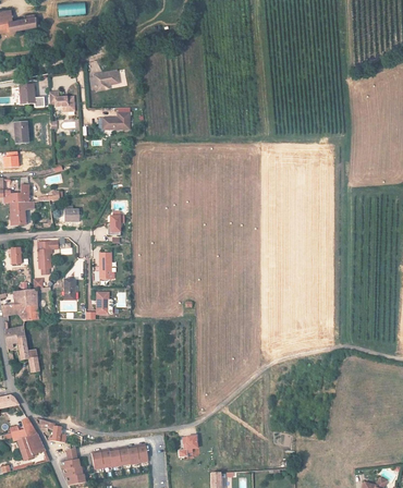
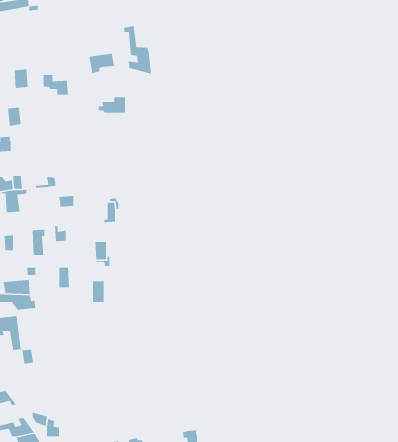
building: none -> [123,25,152,75]

